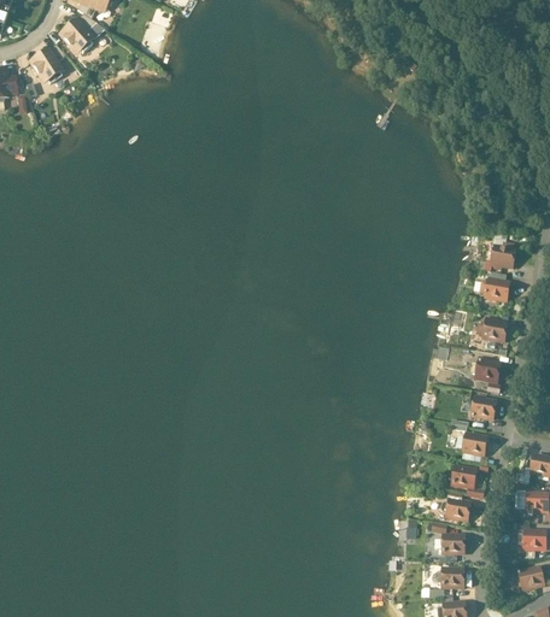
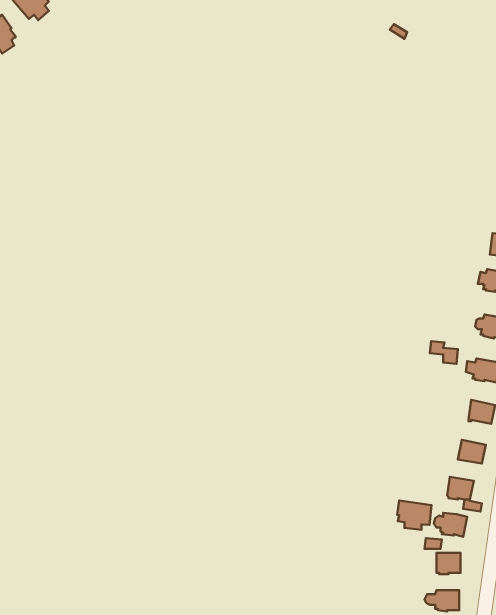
building: none -> [397,500,432,530]

